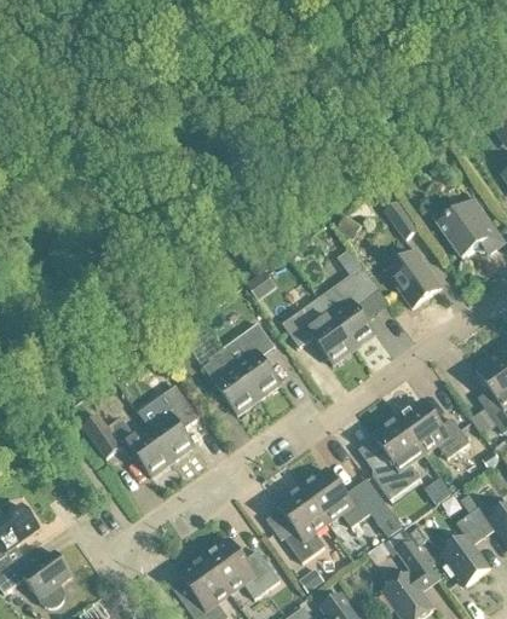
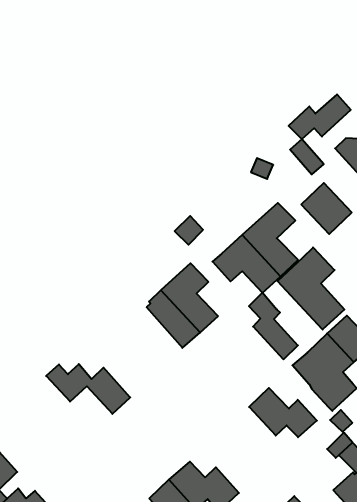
building: none -> [289,94,351,139]
building: none -> [278,247,344,330]
building: none -> [249,293,298,359]
building: [148,384,198,461] -> none
building: [265,487,328,562] -> none

